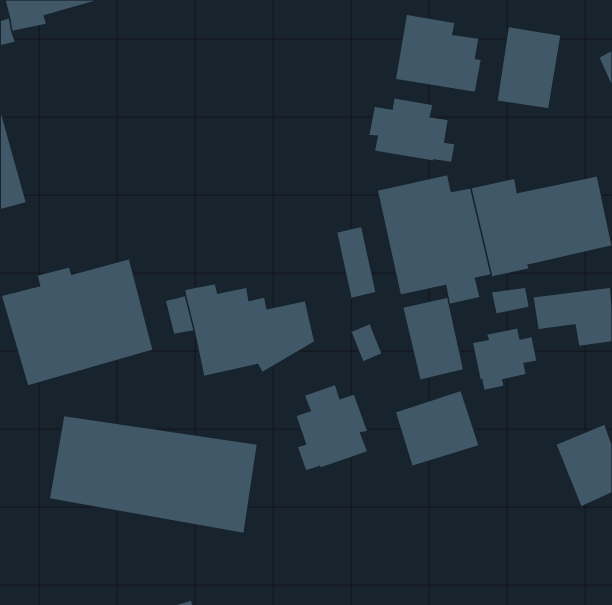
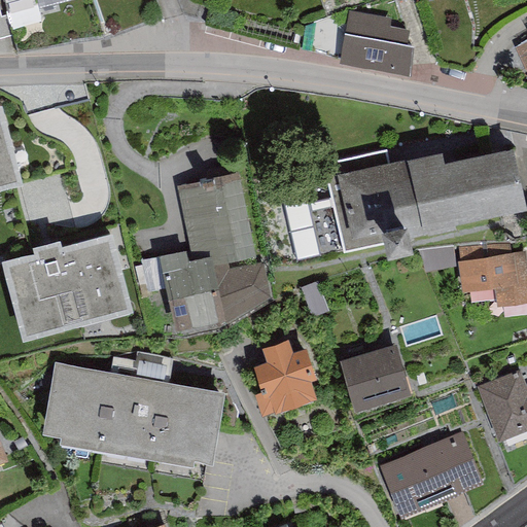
building: [497,26,561,109] -> none
building: [369,98,455,163] -> none
building: none -> [179,172,256,265]
building: [403,297,463,380] -> none
building: [472,328,537,390] -> none
building: none -> [381,434,483,517]

